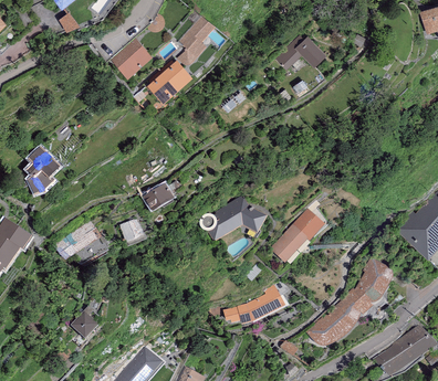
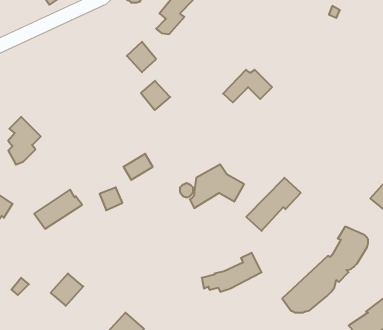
building: [275,35,325,68] -> [223,70,272,102]
building: [111,36,152,76] -> none
building: [163,59,192,88] -> [141,81,170,110]

